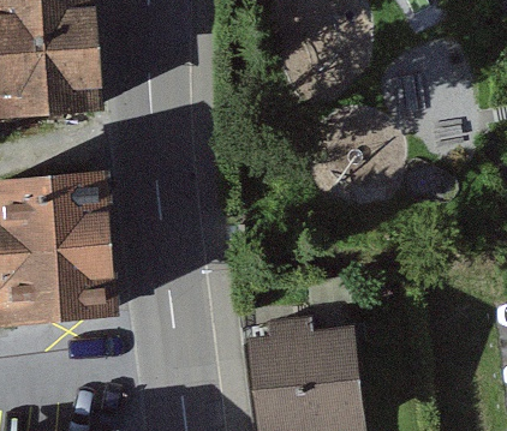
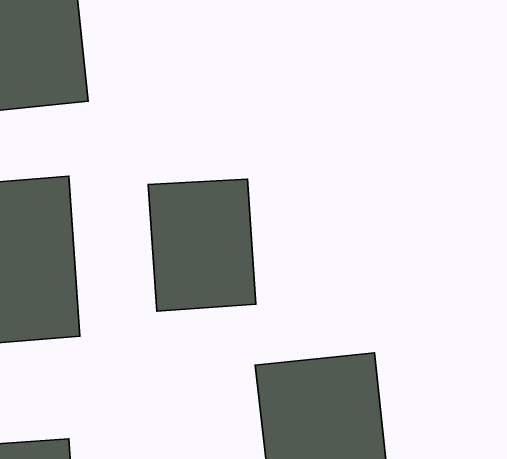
building: none -> [148,179,256,311]

